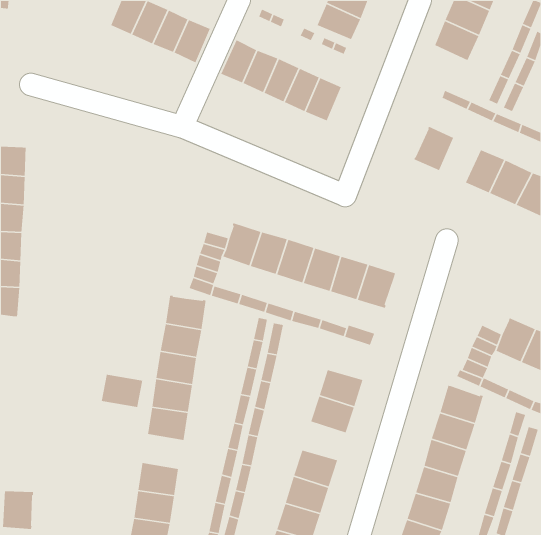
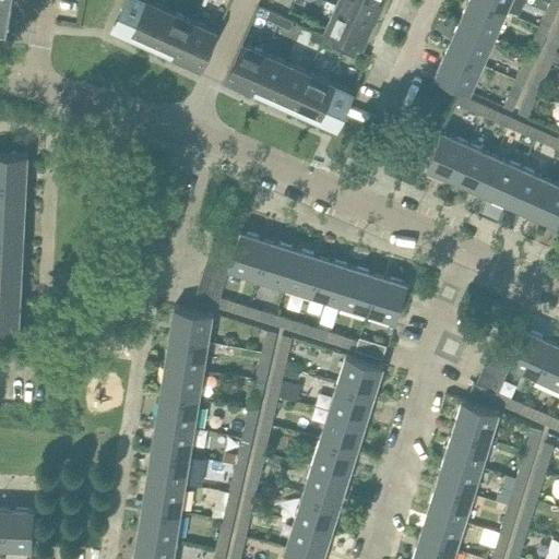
building: none -> [435,52,483,96]
building: none -> [453,147,496,194]
building: none -> [337,357,383,397]
building: [101,374,143,408] -> [146,454,190,489]
building: none -> [311,441,357,480]

